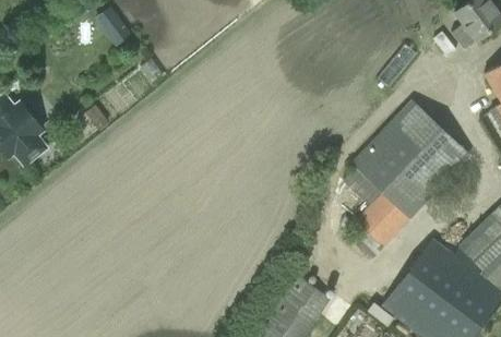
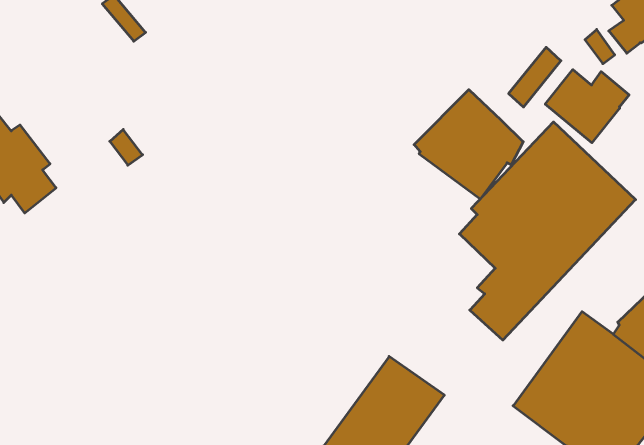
building: none -> [545,70,629,143]
building: none -> [414,90,523,199]

